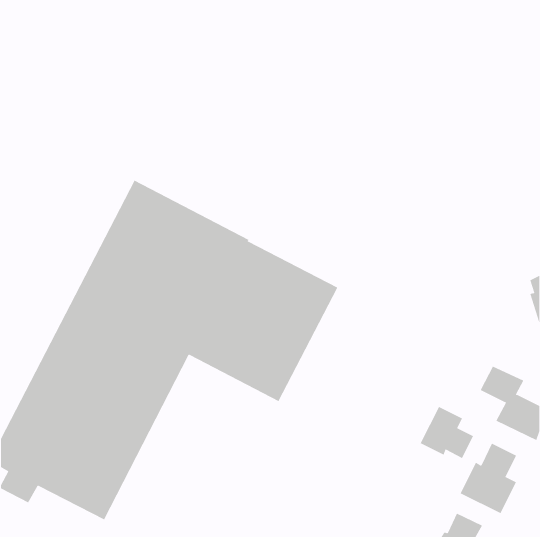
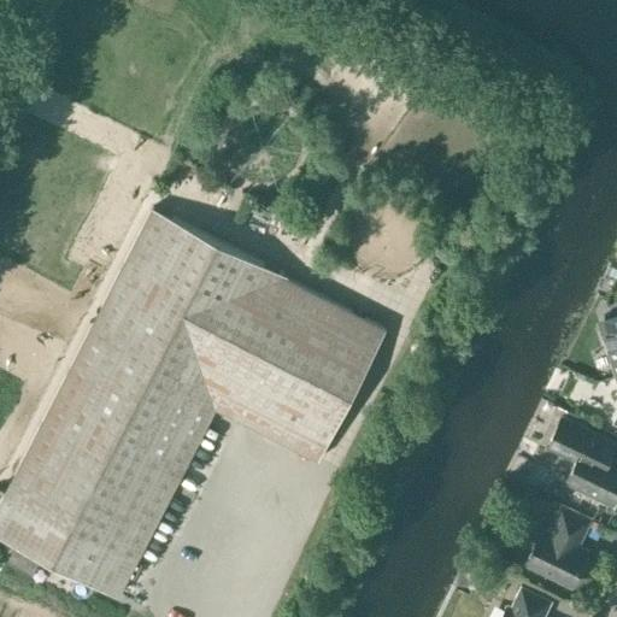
building: [420,406,474,459] -> none

